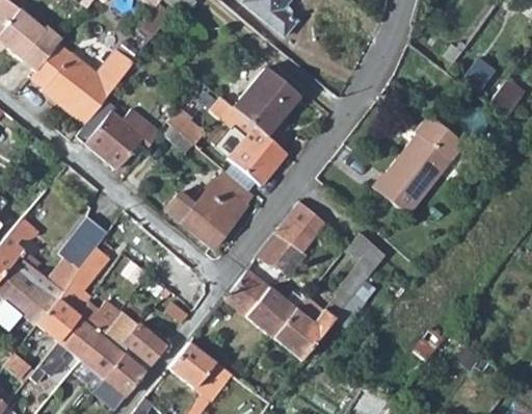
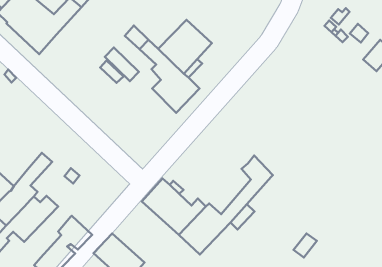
building: [76,98,160,170] -> none
building: [374,115,464,212] -> none
building: [164,169,254,249] -> none
building: [258,200,328,273] -> none
building: [60,222,105,268] -> none
building: [82,312,138,378] -> none

